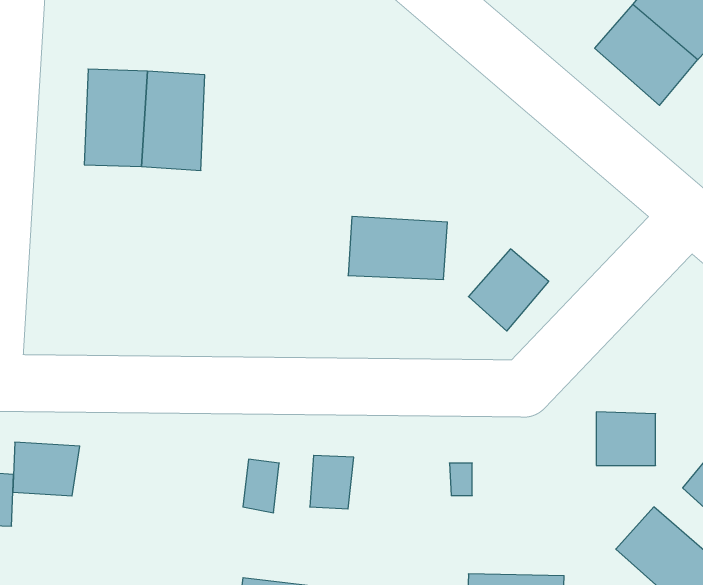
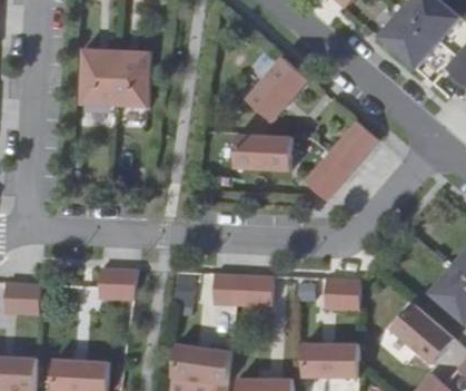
building: none -> [246,58,308,123]
building: none -> [328,121,377,173]
building: [596,412,656,465] -> [325,280,359,311]
building: [13,442,80,496] -> [98,268,137,300]
building: none -> [234,275,272,306]

